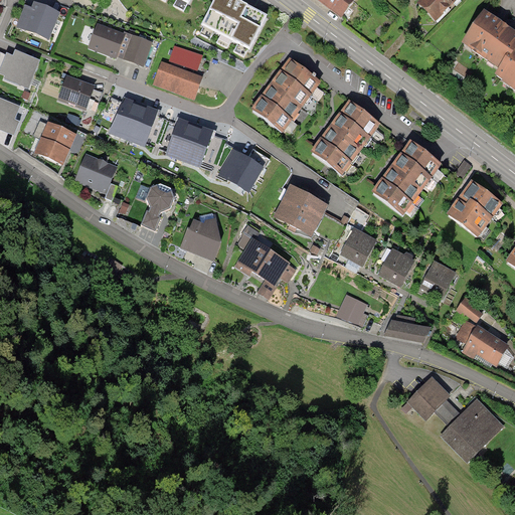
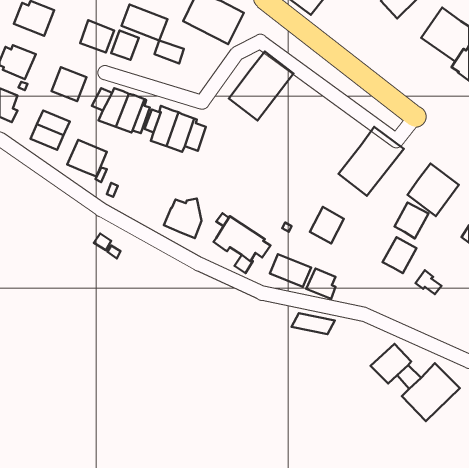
building: [152,59,202,99] -> [121,5,167,40]
building: [310,100,380,174] -> none
building: [217,148,263,191] -> none
building: [140,182,173,229] -> none
building: [273,184,328,236] -> none
building: [377,247,414,287] -> [394,203,429,238]
building: none -> [270,254,311,287]
building: [383,319,431,342] -> [292,313,335,334]
building: [454,319,509,365] -> none

